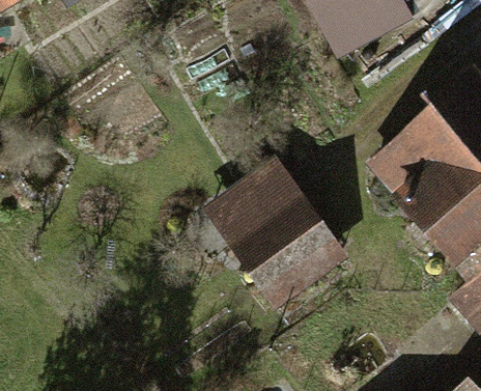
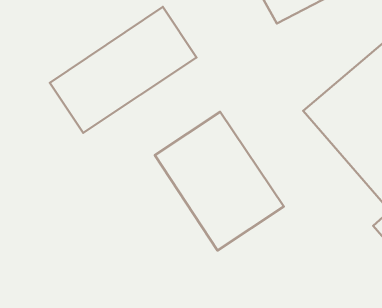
building: none -> [50,7,197,133]

